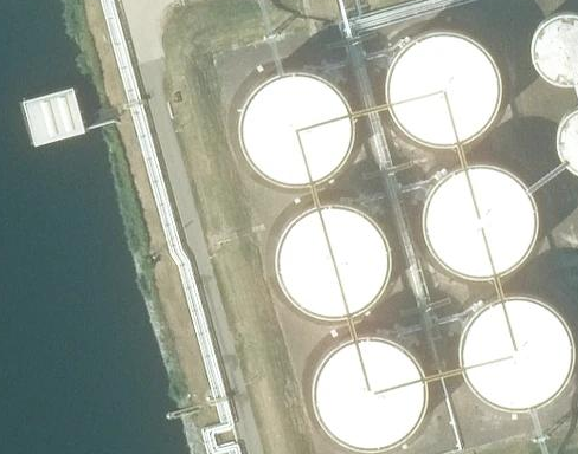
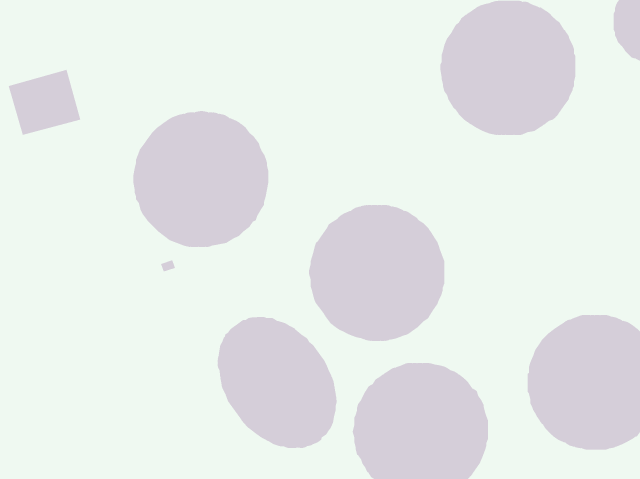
building: [239,72,354,187] -> [132,110,269,247]
building: [424,164,538,279] -> none
building: none -> [217,316,337,449]

